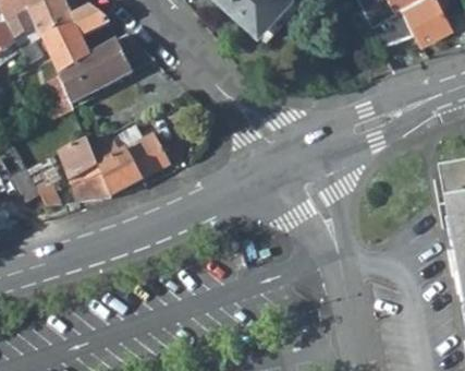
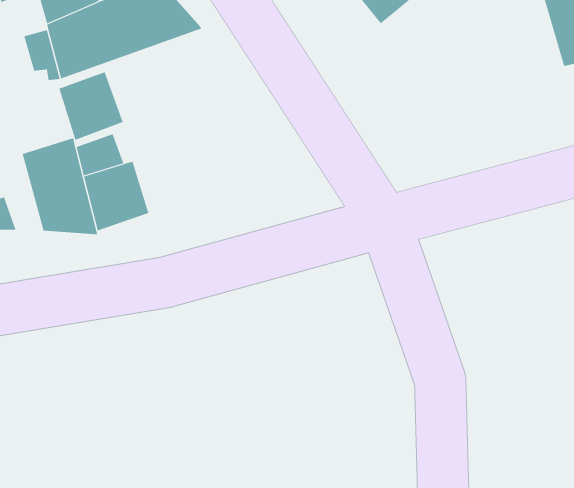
building: [125,133,169,179] -> [59,72,123,140]

